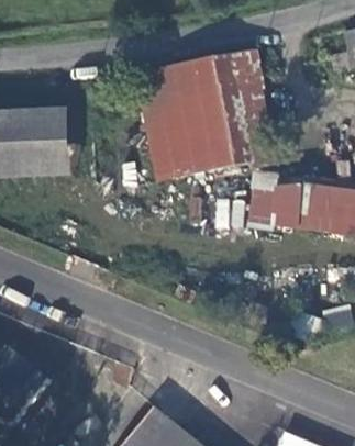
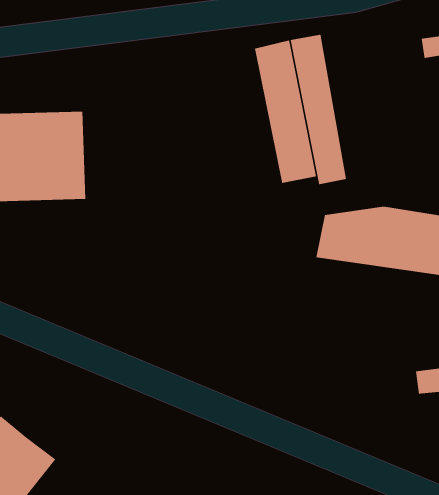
building: [136,60,221,178] -> none

